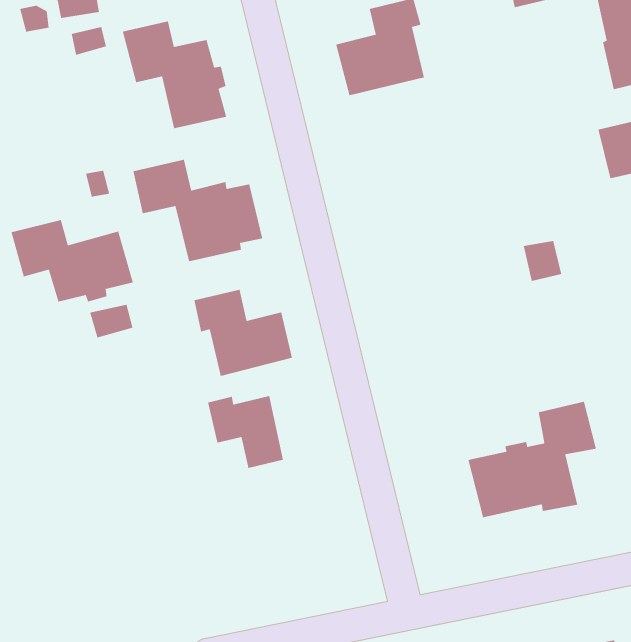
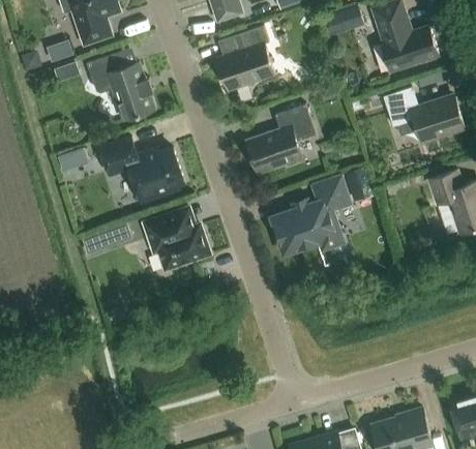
building: none -> [246,104,316,174]
building: [10,219,134,302] -> none
building: [207,395,284,469] -> none
building: [468,401,597,518] -> [272,175,351,252]

